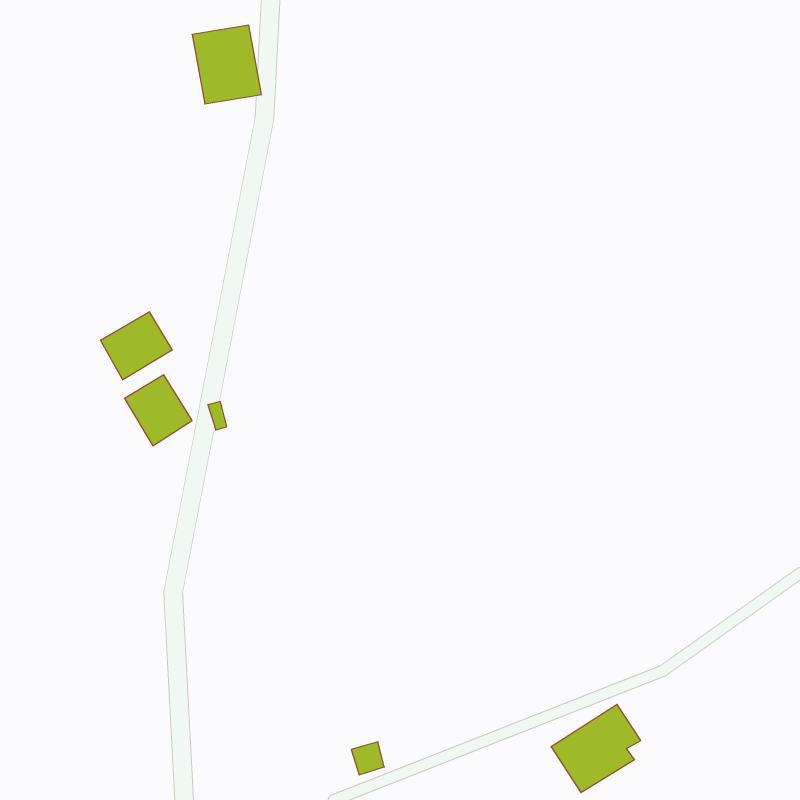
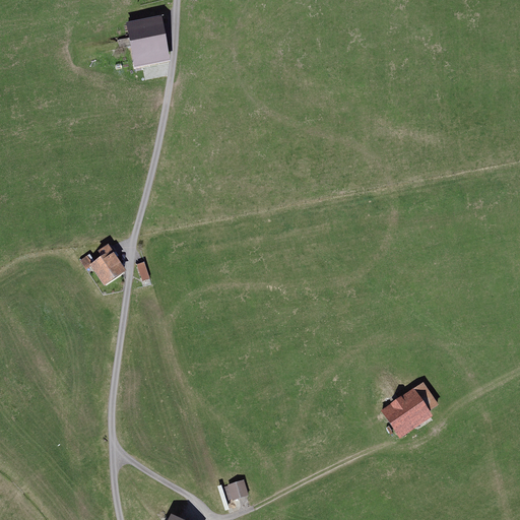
building: [101,312,172,380] -> none
building: [551,704,641,793] -> [381,381,439,438]

